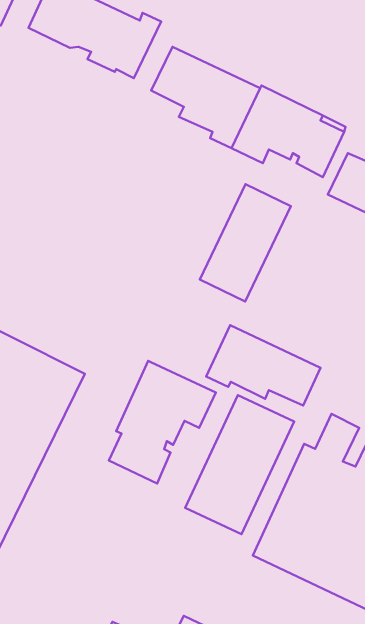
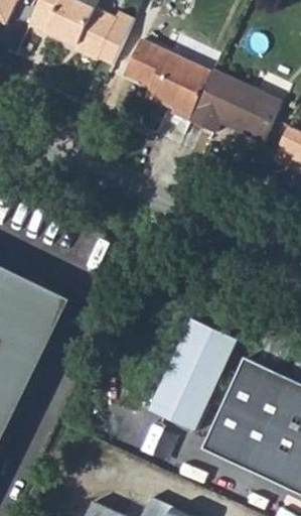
building: [200,184,291,301] -> none
building: [206,325,320,405] -> none
building: [109,361,216,483] -> none

